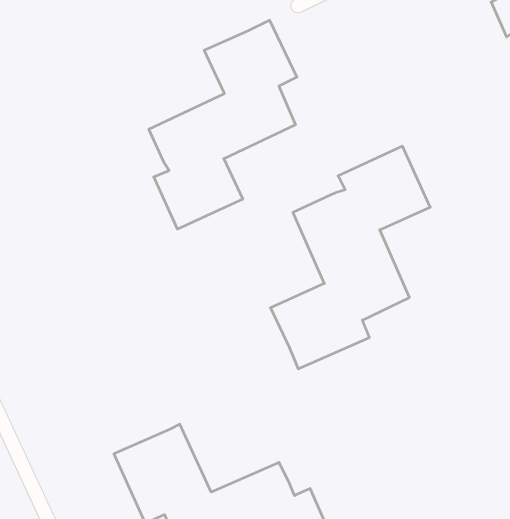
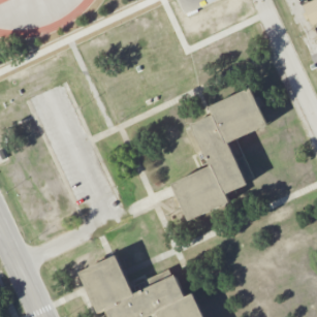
building: [149,20,297,229] -> none

